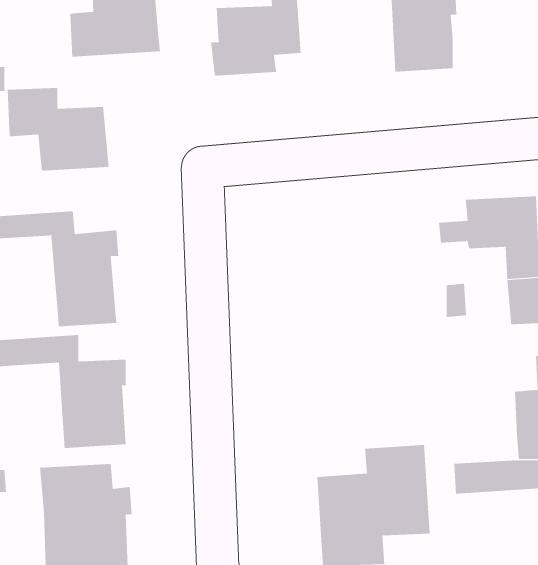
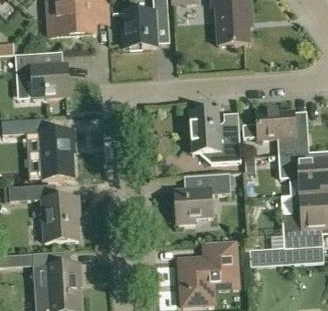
building: none -> [188,107,240,162]
building: none -> [174,171,230,222]

